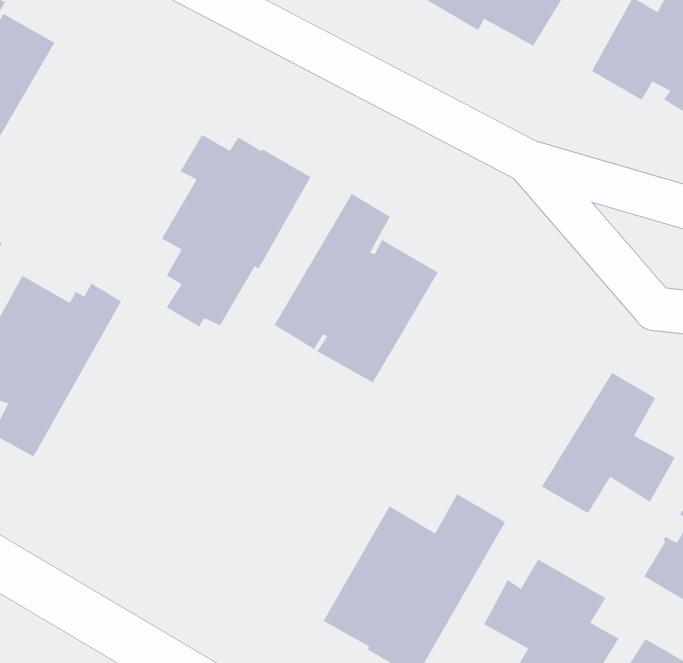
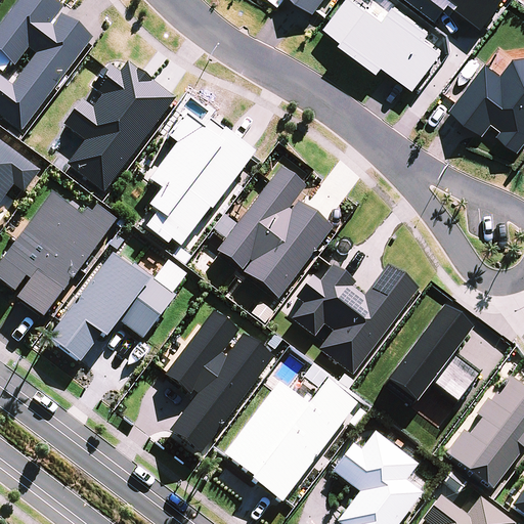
building: none -> [64,60,176,190]
building: none -> [292,264,419,373]
building: none -> [48,253,187,361]
building: none -> [165,309,275,452]

